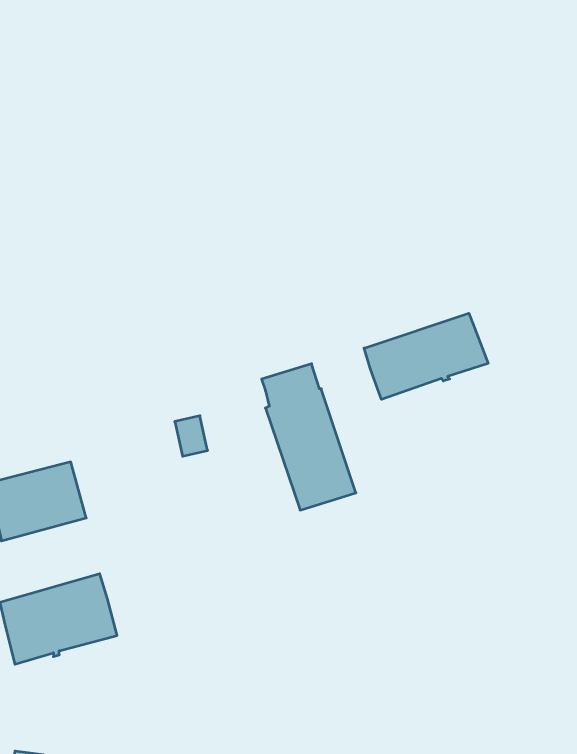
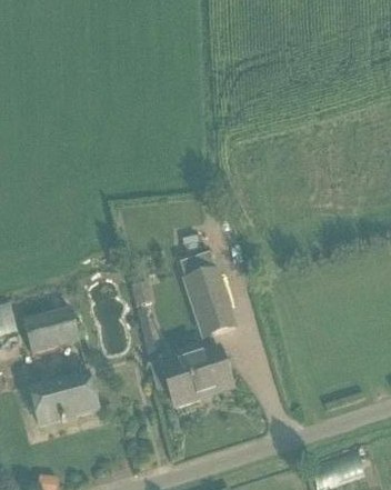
building: [364,313,488,399] -> none
building: none -> [142,328,231,404]

